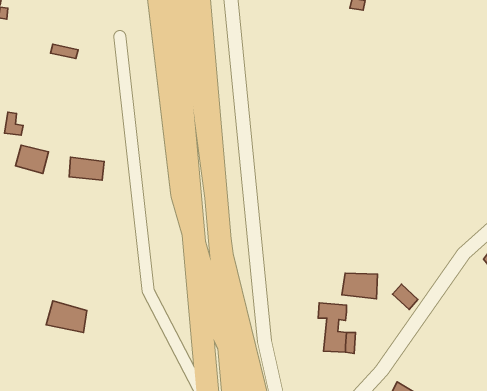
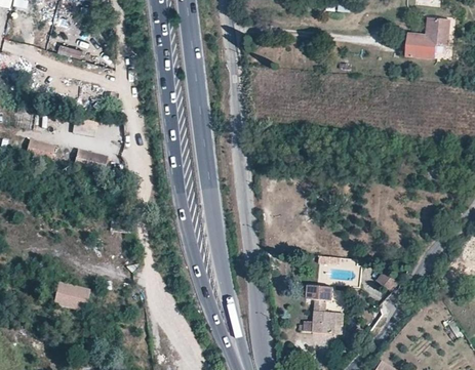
building: none -> [406,17,448,56]
building: [342,273,378,299] -> none

